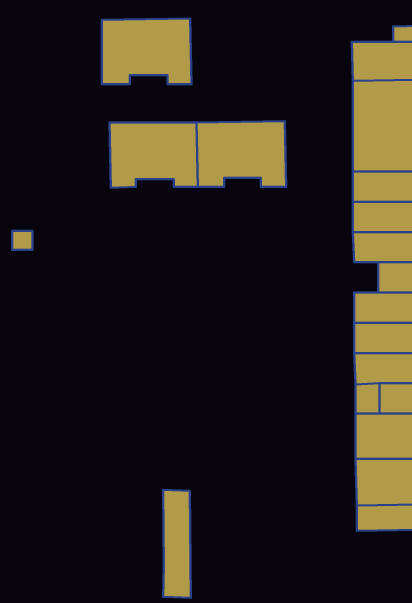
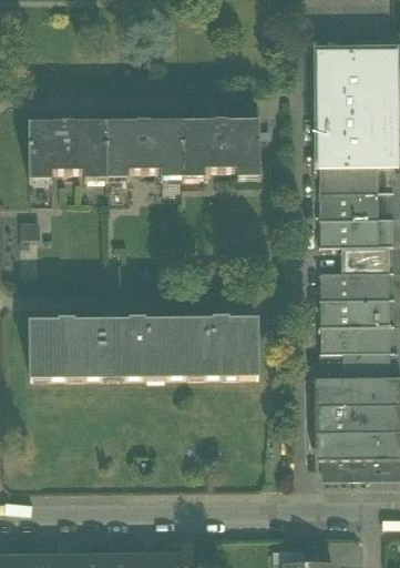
building: [102,19,191,84] -> [31,119,110,176]
building: none -> [33,315,259,374]
building: [163,490,191,598] -> none

